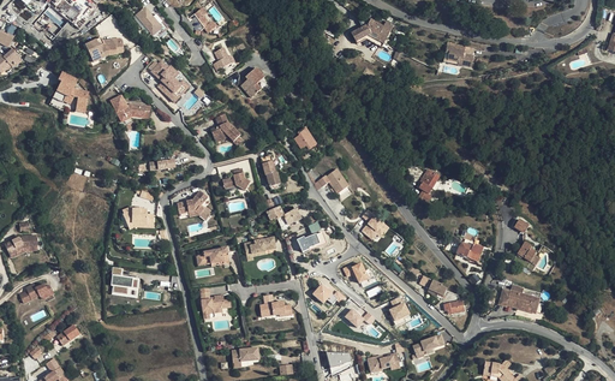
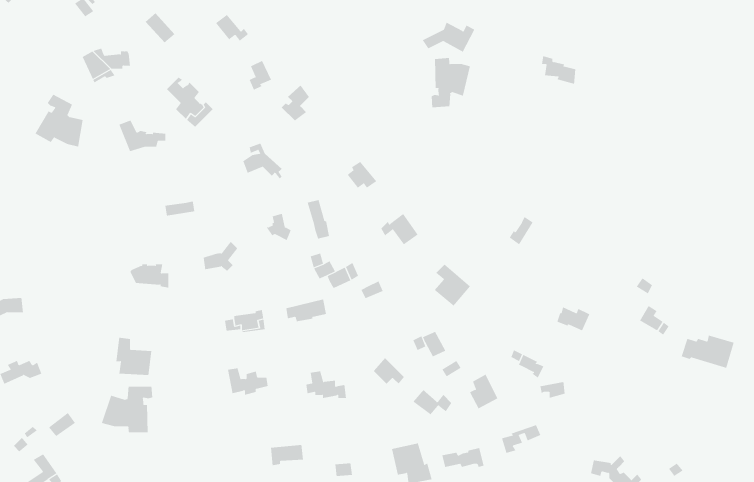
building: none -> [431,57,470,108]
building: [502,290,544,316] -> [681,335,734,369]
building: none -> [101,386,153,433]

